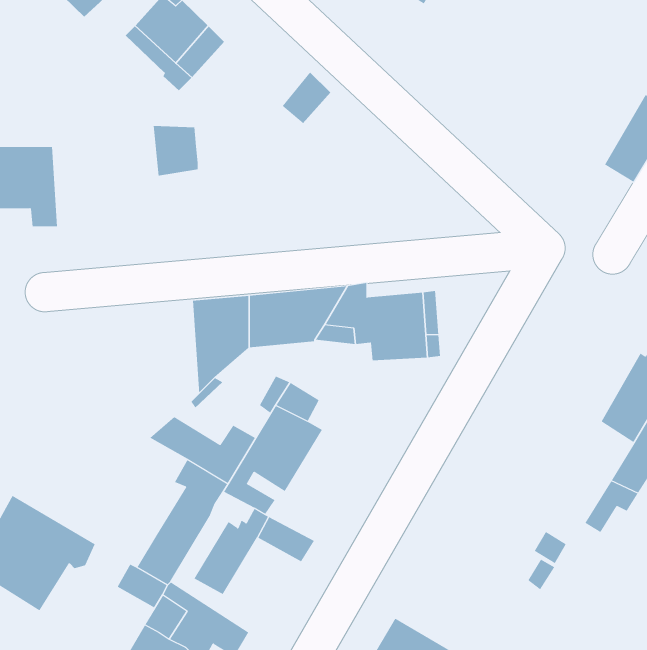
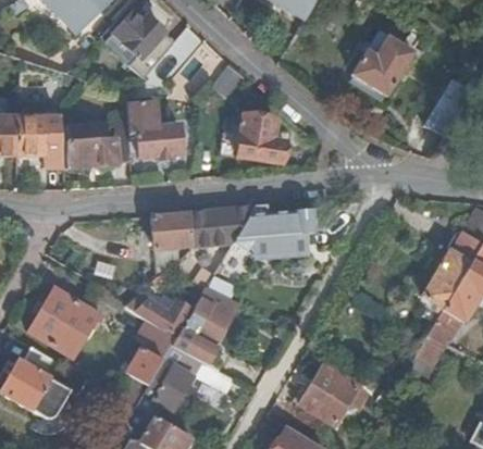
building: none -> [351,30,412,95]
building: none -> [238,115,284,162]
building: none -> [65,123,116,167]
building: none -> [128,123,184,160]
building: none -> [29,289,102,358]
building: none -> [300,366,360,426]

